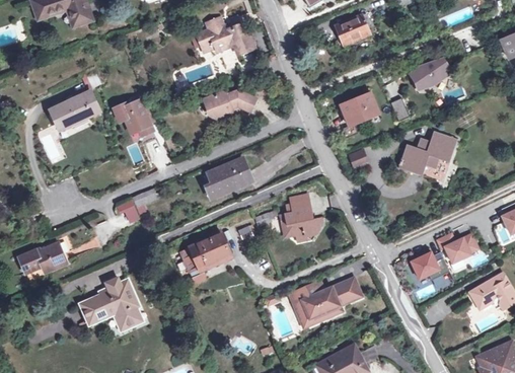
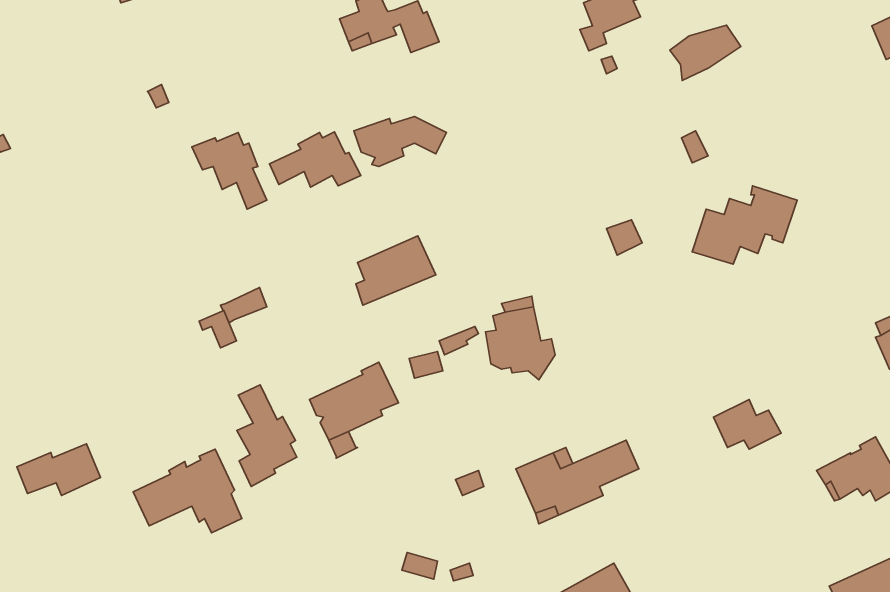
building: [412,58,452,89] -> [670,25,741,80]
building: [50,91,98,130] -> none
building: [340,93,378,125] -> none
building: none -> [269,132,361,187]
building: [437,235,479,265] -> none
building: none -> [237,385,297,487]
building: [18,243,66,273] -> [17,444,101,495]

